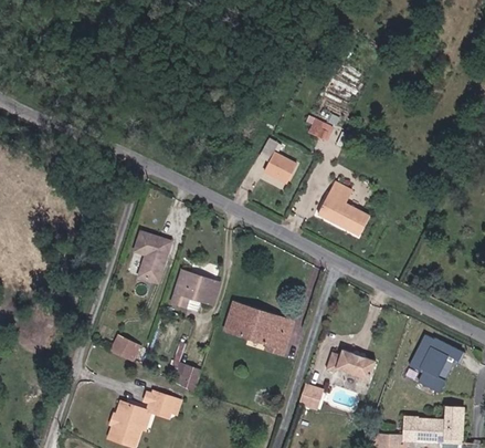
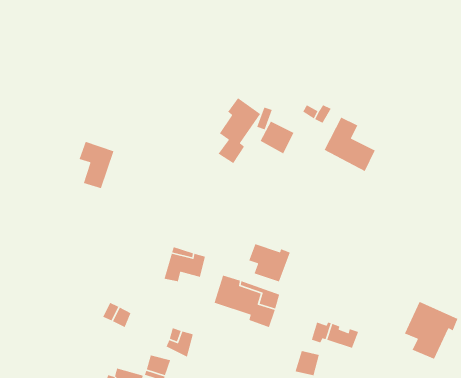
building: none -> [218,97,261,164]
building: [315,185,368,241] -> [323,116,376,172]
building: [133,232,169,281] -> [79,141,115,189]
building: none -> [248,243,291,283]

